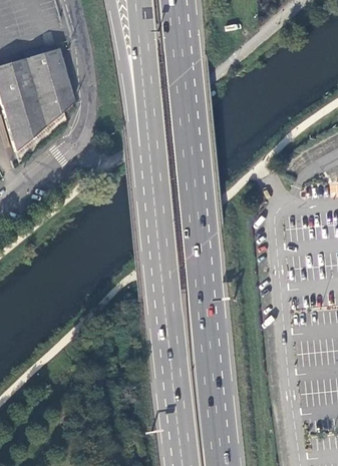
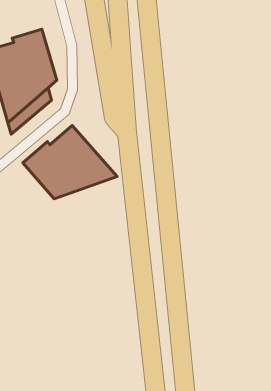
building: none -> [23,125,117,199]

